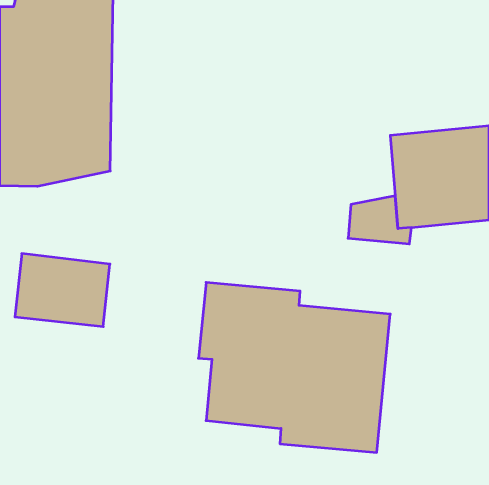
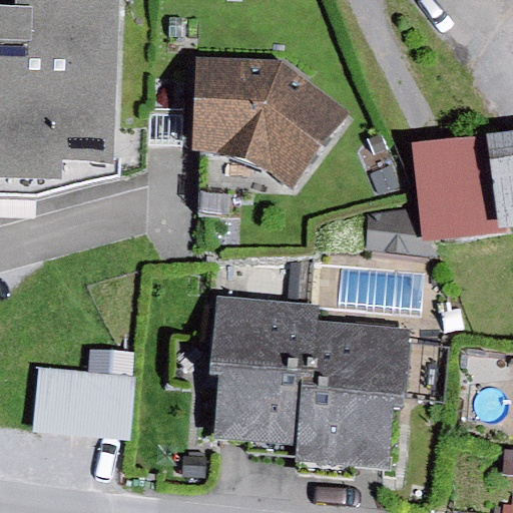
building: none -> [193,54,351,187]
building: [15,254,110,327] -> [32,363,131,439]

